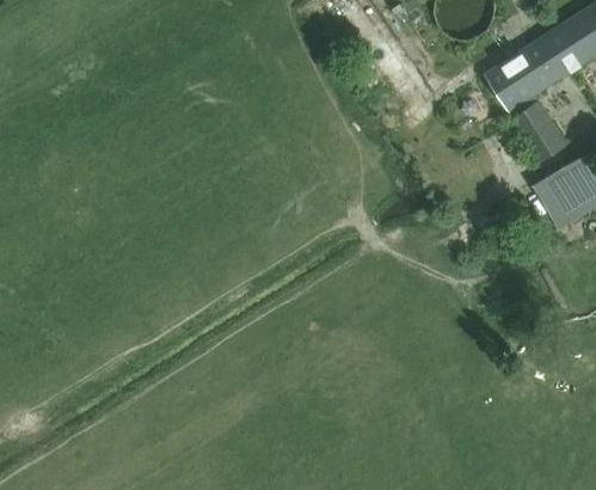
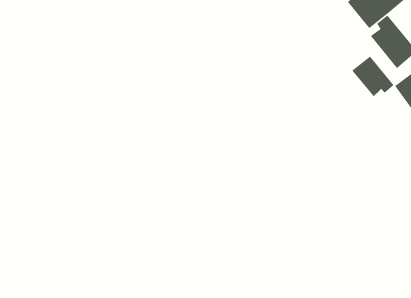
building: none -> [351,55,395,97]

